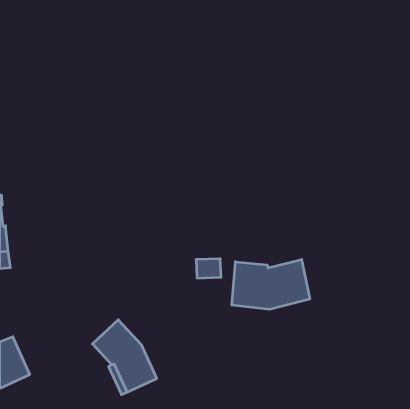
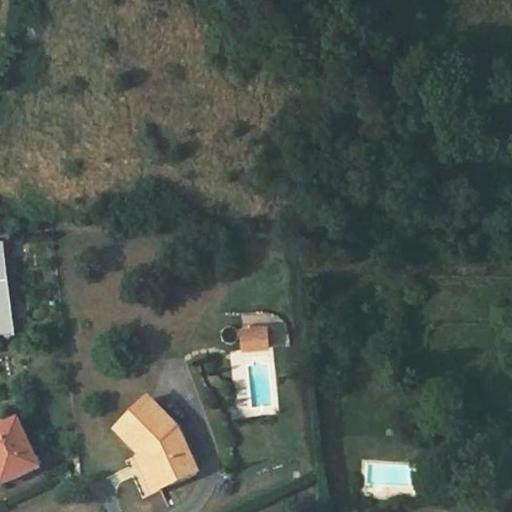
building: [232,259,310,309] -> none

